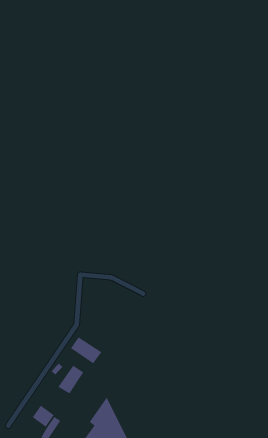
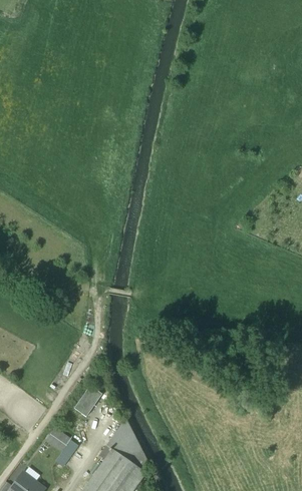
building: [70,336,102,364] -> none

